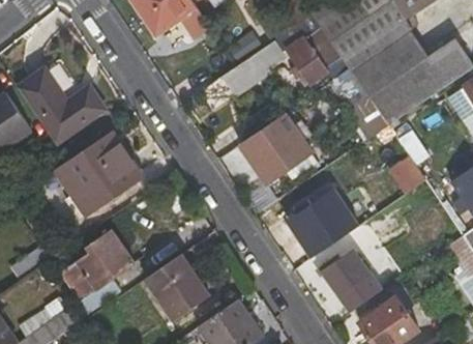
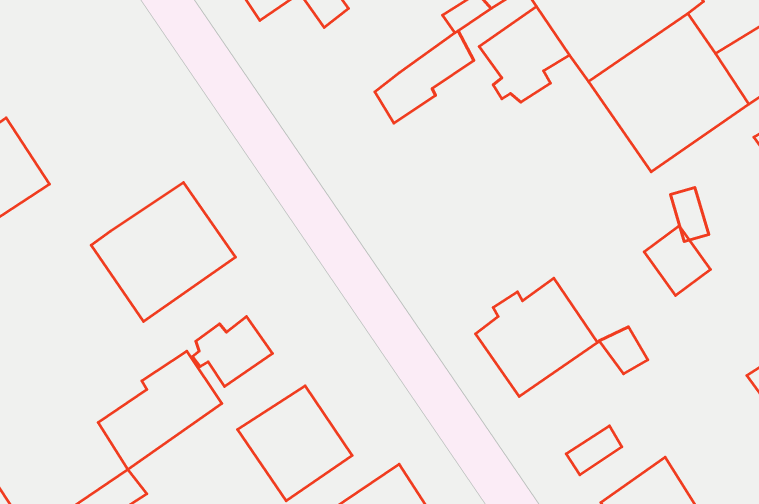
building: [16,66,109,145] -> none
building: [242,118,308,183] -> none
building: none -> [192,316,273,387]
building: [320,253,367,293] -> none

